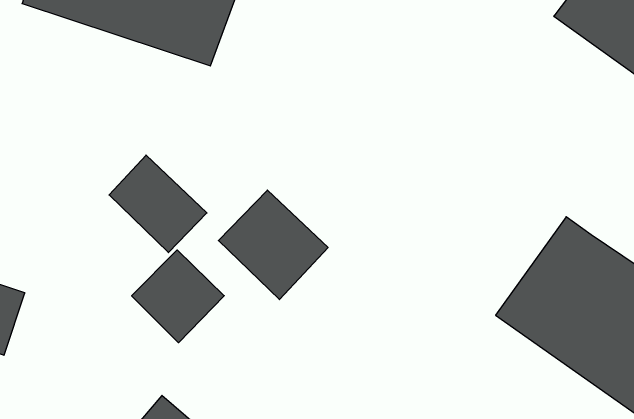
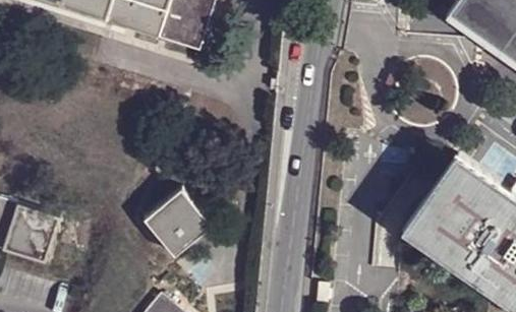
building: [109,155,207,253] -> none
building: [218,190,328,300] -> none

